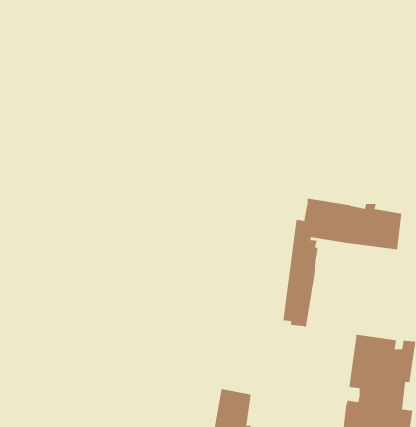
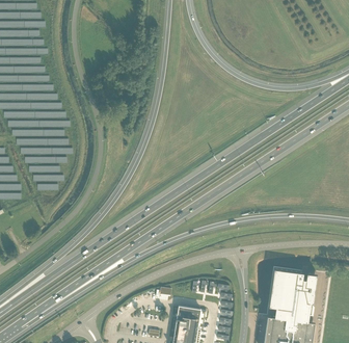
building: [283,198,402,328] -> none

